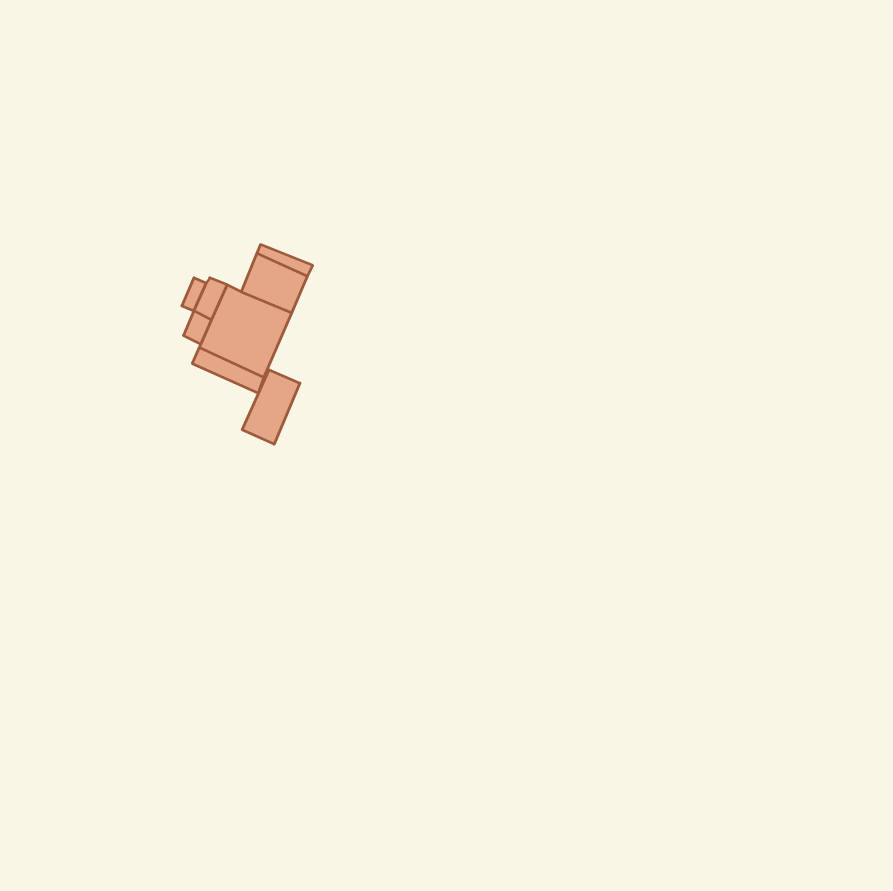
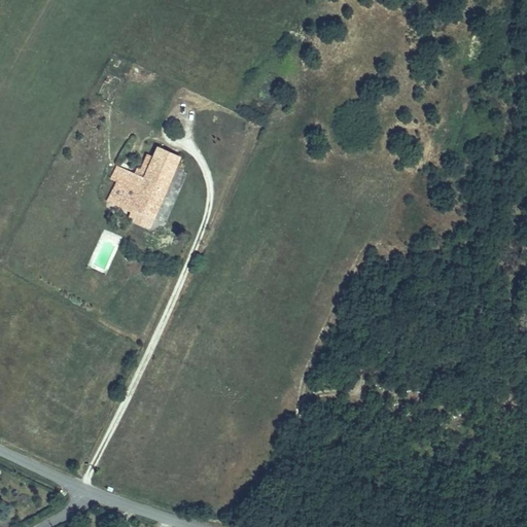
building: [242,370,300,444] -> none

